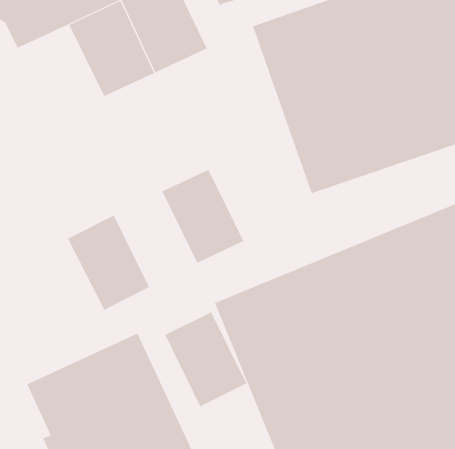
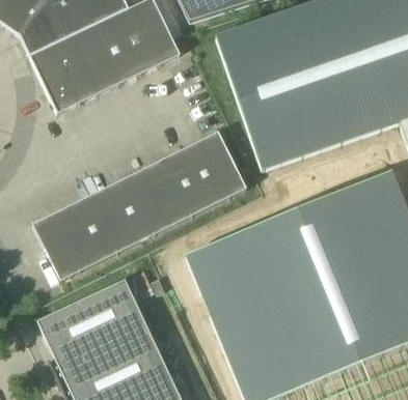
building: none -> [30,34,99,111]
building: none -> [182,130,247,205]
building: none -> [32,203,99,279]
building: [164,311,247,407] -> [107,166,172,241]

